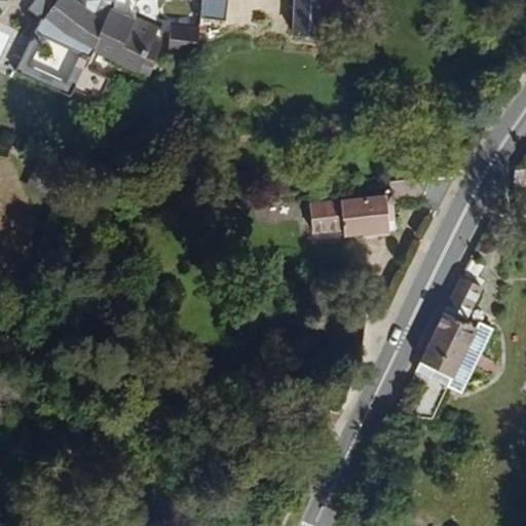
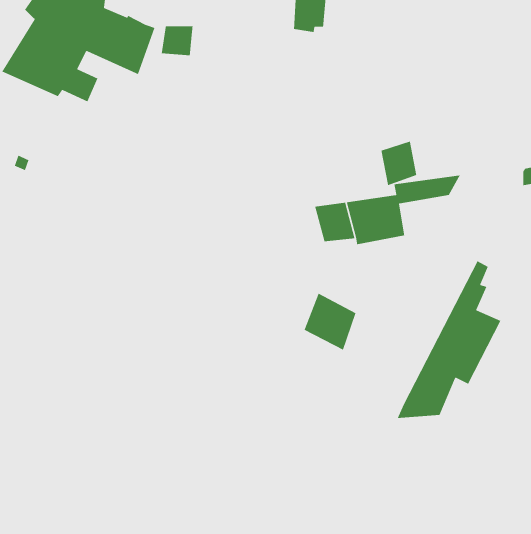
building: none -> [380,141,417,186]
building: none -> [304,292,357,351]

